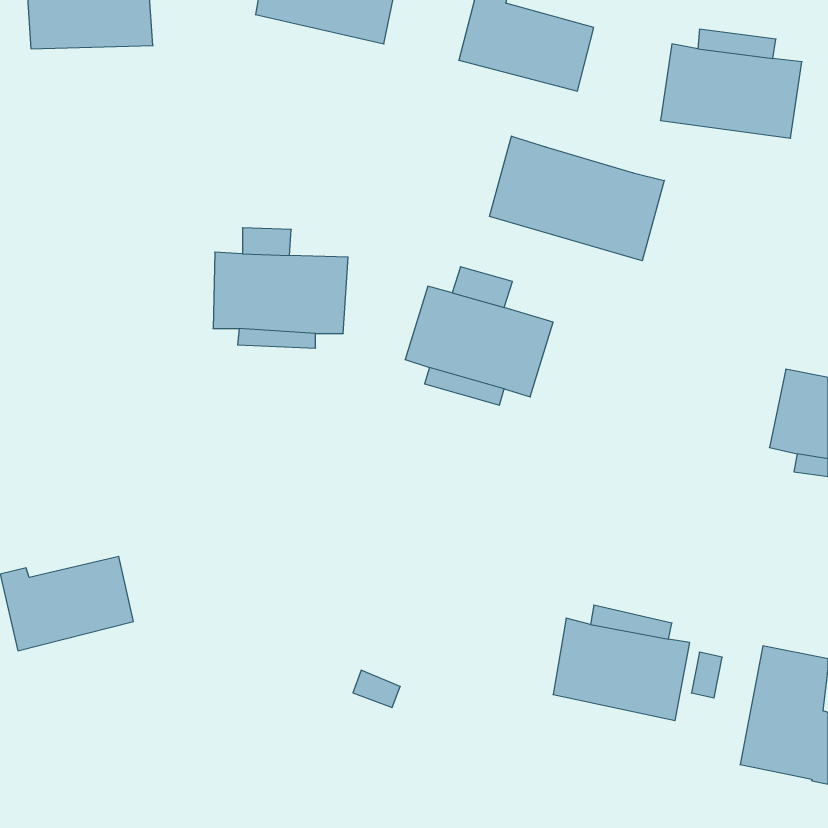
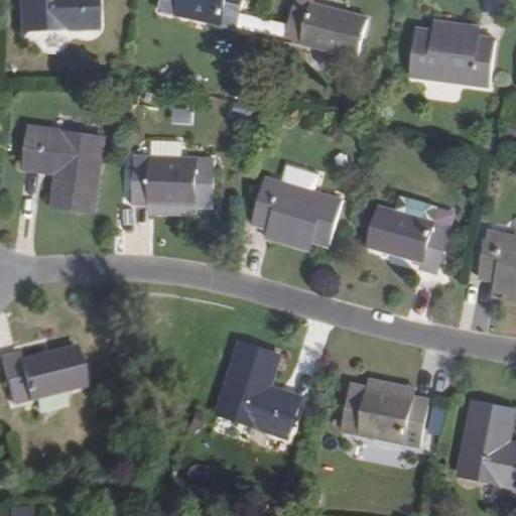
building: [489,136,664,261] -> none
building: none -> [24,127,104,211]
building: none -> [366,205,452,273]
building: none -> [217,341,301,436]

